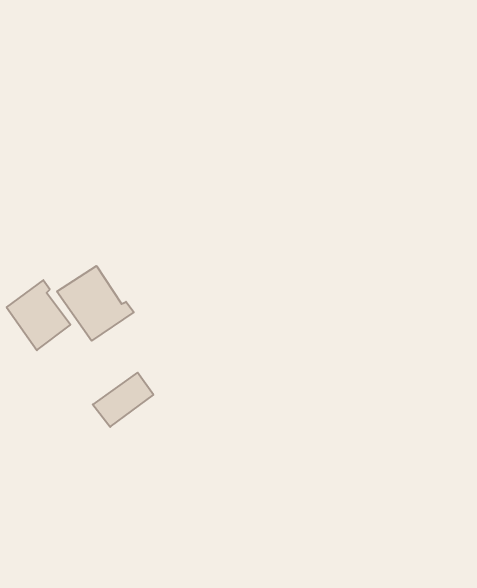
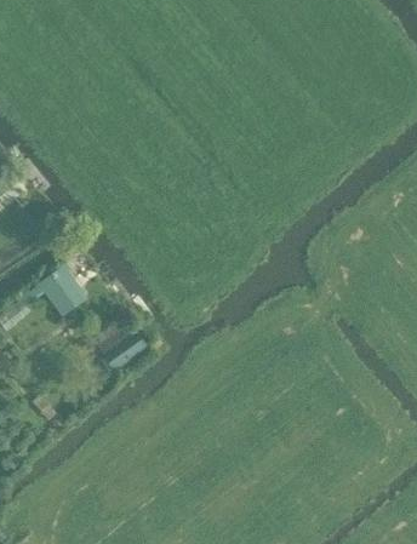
building: [57,266,134,341] -> none

